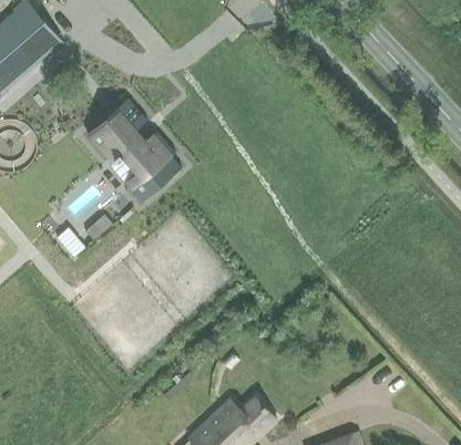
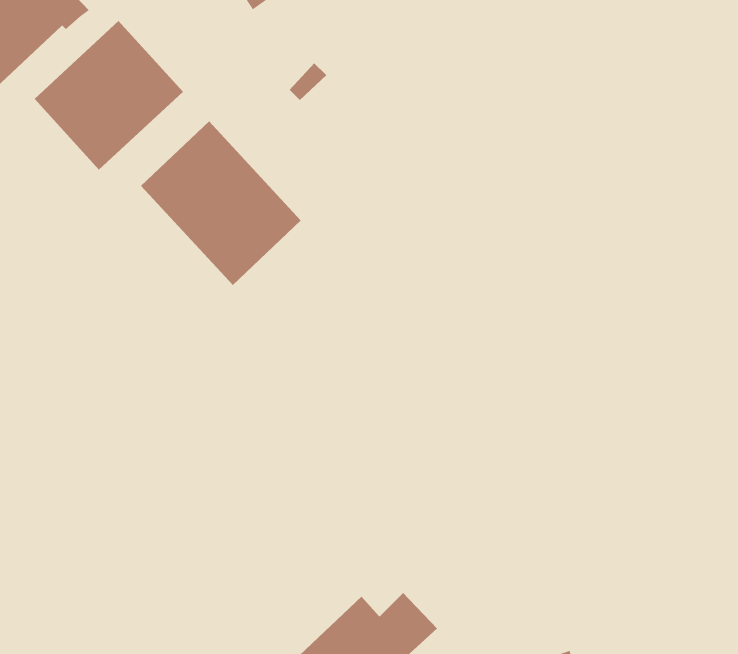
building: none -> [34,20,184,170]

